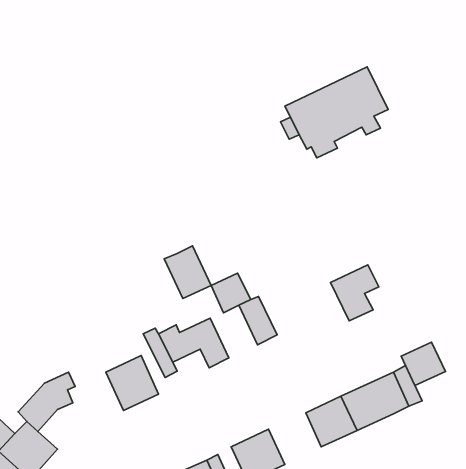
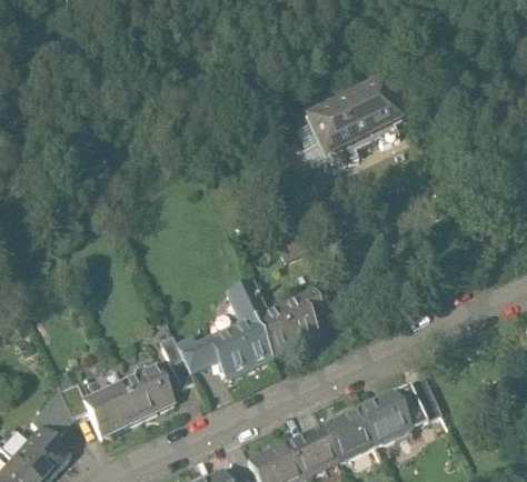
building: [164,246,211,299] -> [227,314,275,368]
building: [330,265,379,321] -> [276,288,325,344]
building: [401,342,445,386] -> none
building: none -> [82,382,139,439]
building: none -> [286,423,339,475]

